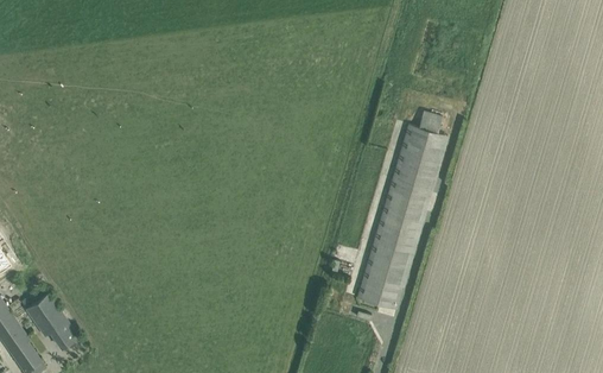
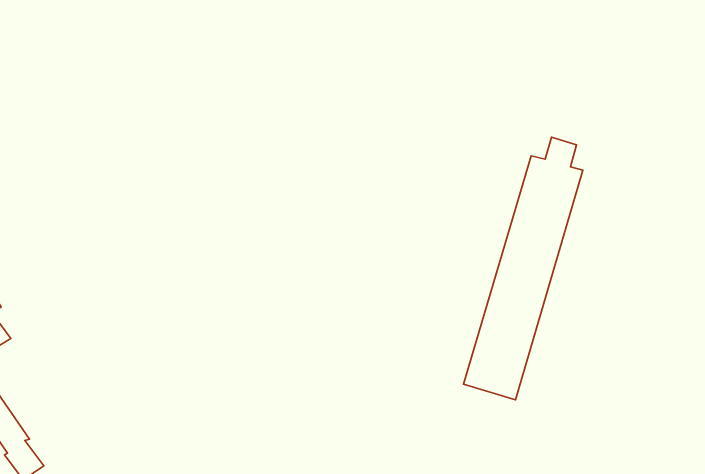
building: [25,295,77,348] -> none

